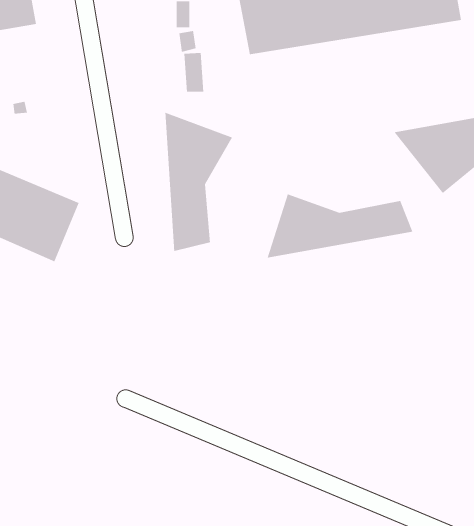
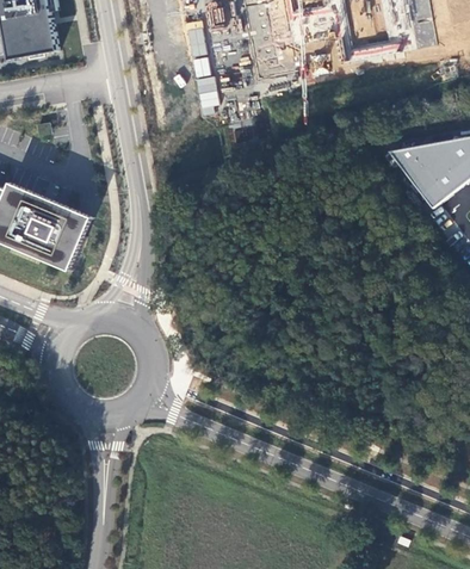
building: [165,112,233,252] -> none
building: [267,193,413,258] -> none

